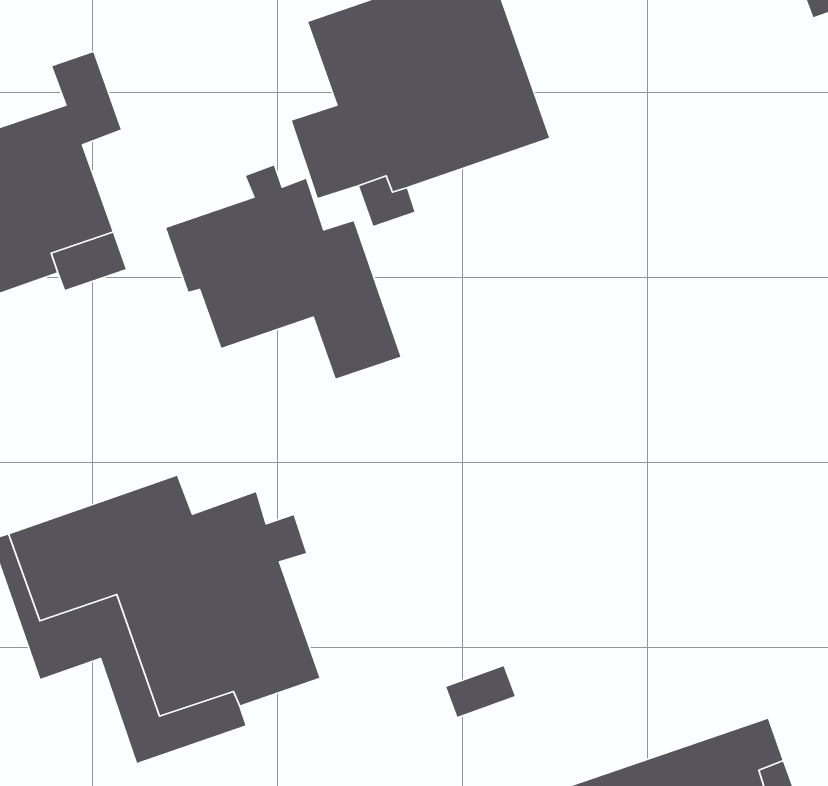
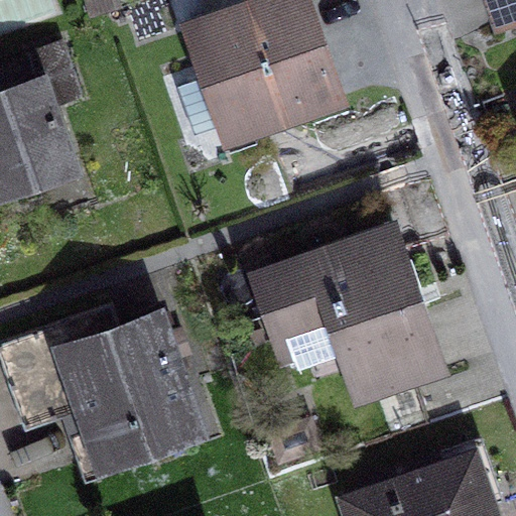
building: [165,165,401,379] -> none
building: none -> [267,236,434,387]

